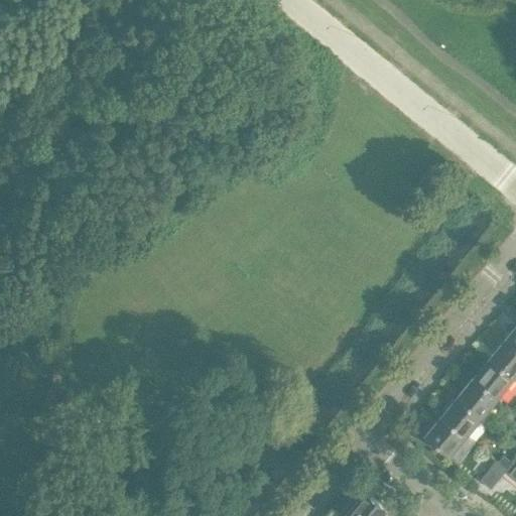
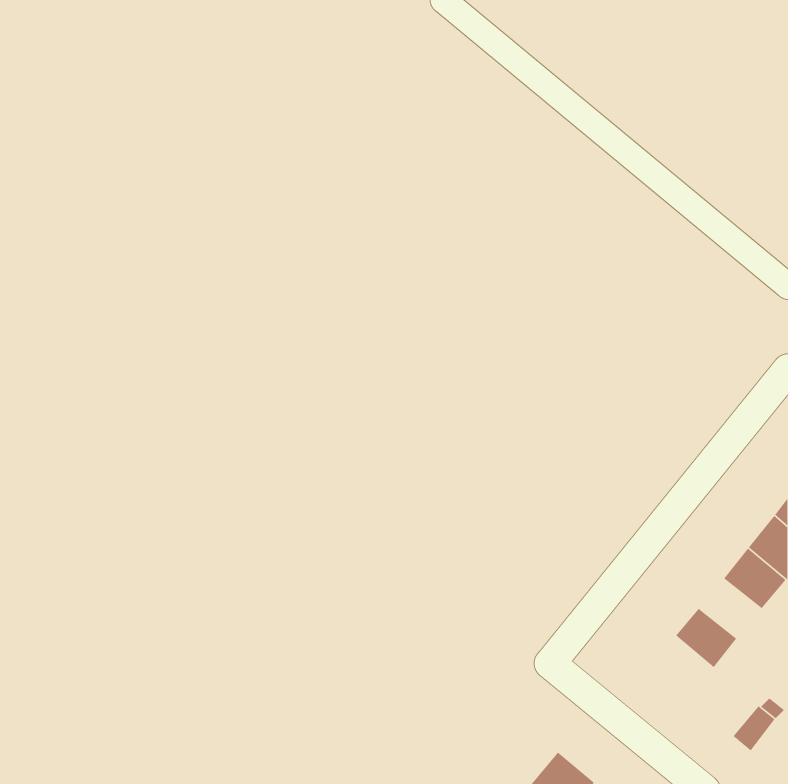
building: [456,381,497,420] -> none
building: [424,418,466,459] -> none

